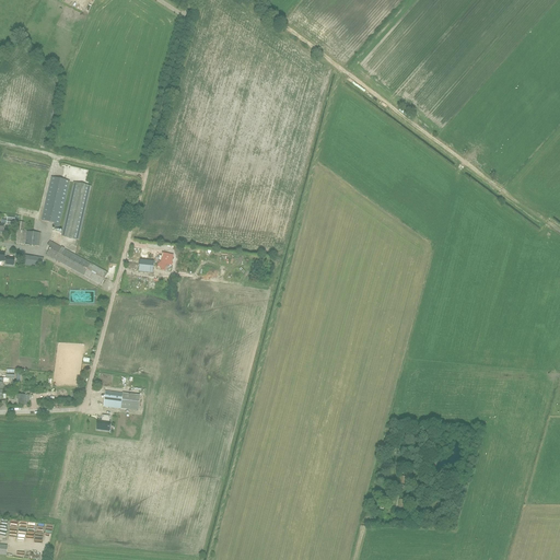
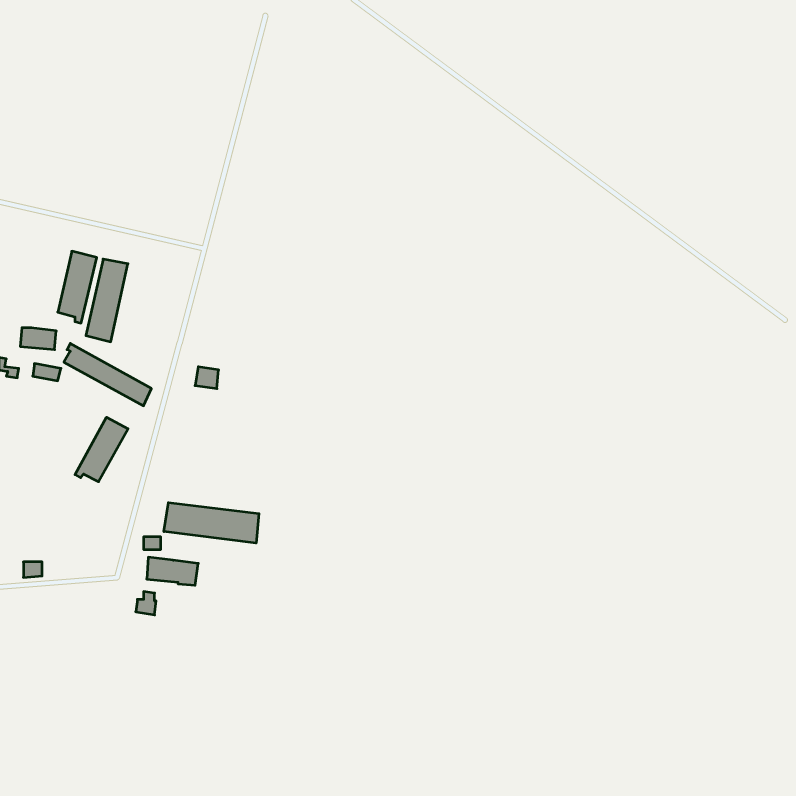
building: none -> [75,417,128,482]
building: none -> [164,503,259,543]

